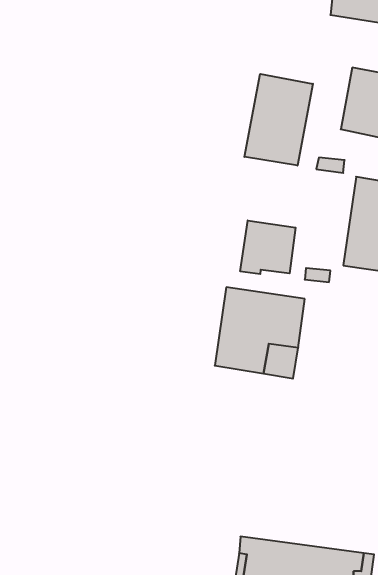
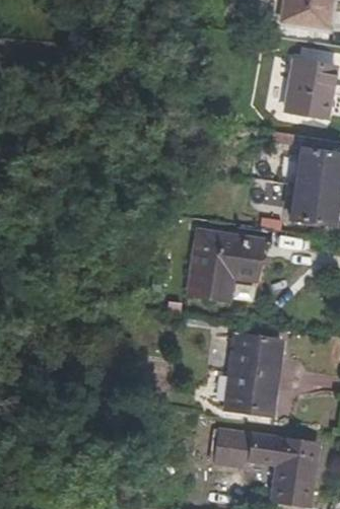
building: [244,74,313,166] -> none
building: [240,220,296,274] -> none
building: none -> [227,335,283,411]

